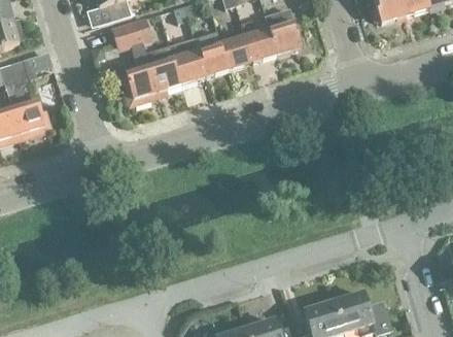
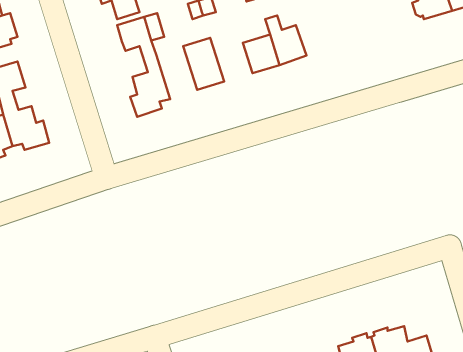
building: [268,14,301,54] -> none
building: [193,30,230,76] -> none
building: [145,45,181,92] -> none

